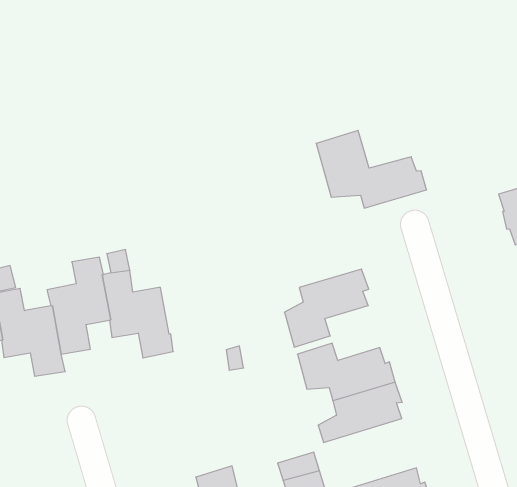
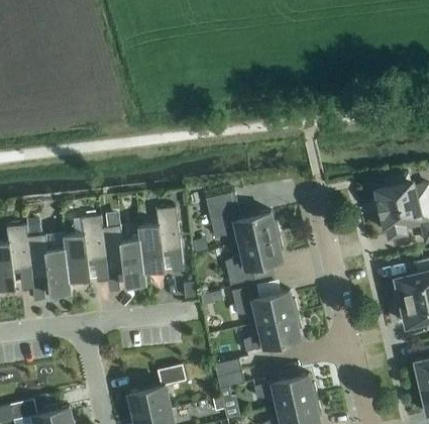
building: [316,130,427,208] -> [205,193,279,246]
building: none -> [137,208,181,273]

